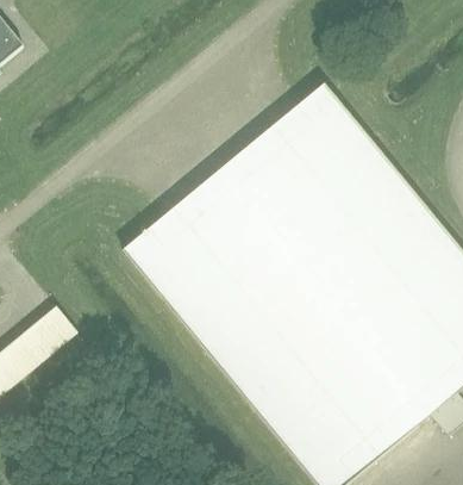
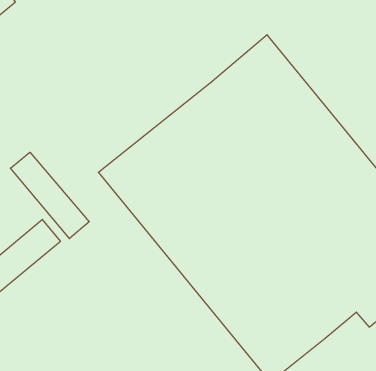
building: none -> [10,152,89,239]

